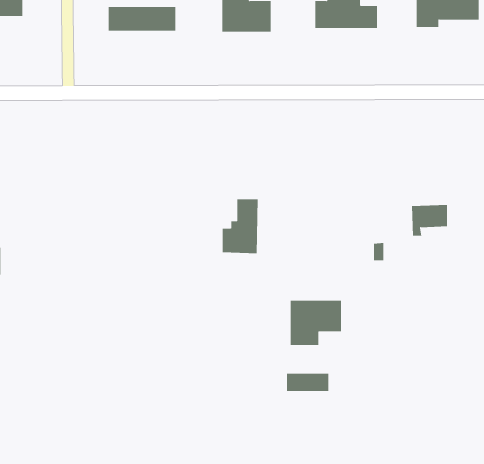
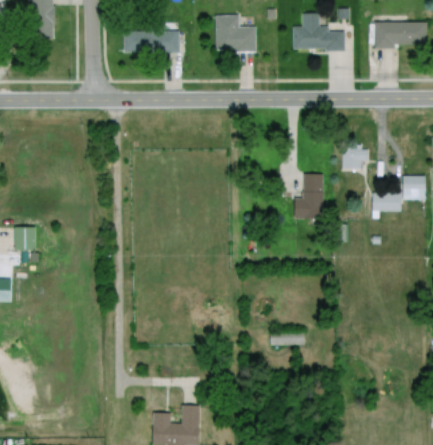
building: none -> [344,147,368,171]
building: none -> [403,176,425,200]
building: [222,199,259,254] -> [294,173,324,218]
building: [290,300,341,346] -> none

